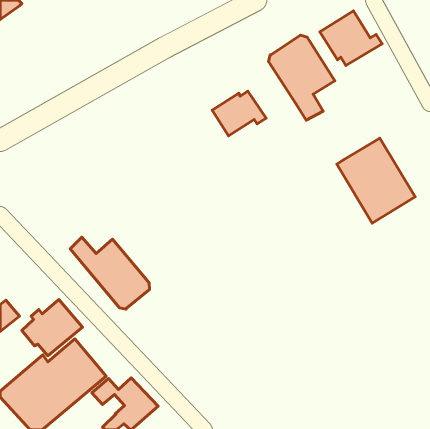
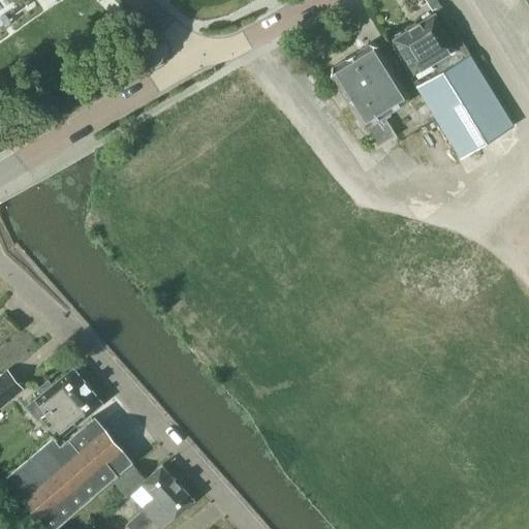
building: [212,91,266,136] -> none
building: [337,138,415,223] -> [416,55,512,159]
building: [70,237,150,309] -> none

